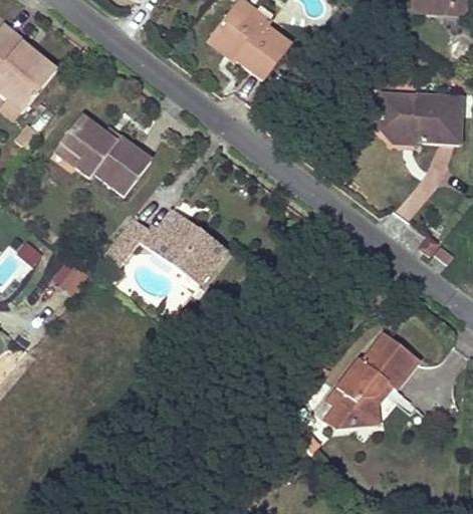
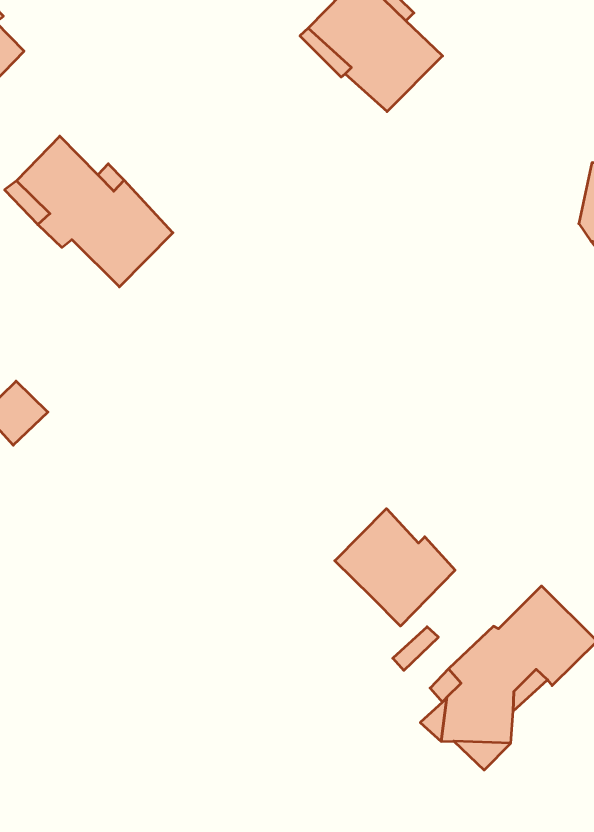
building: [103,210,225,285] -> none
building: none -> [335,509,455,626]

